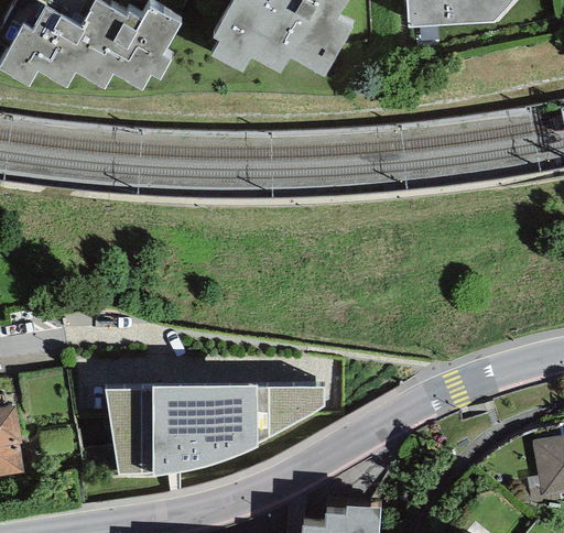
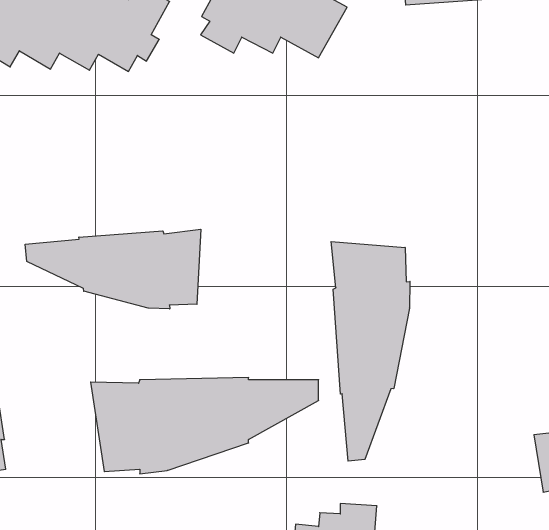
building: none -> [25,229,201,309]
building: none -> [331,242,410,461]

